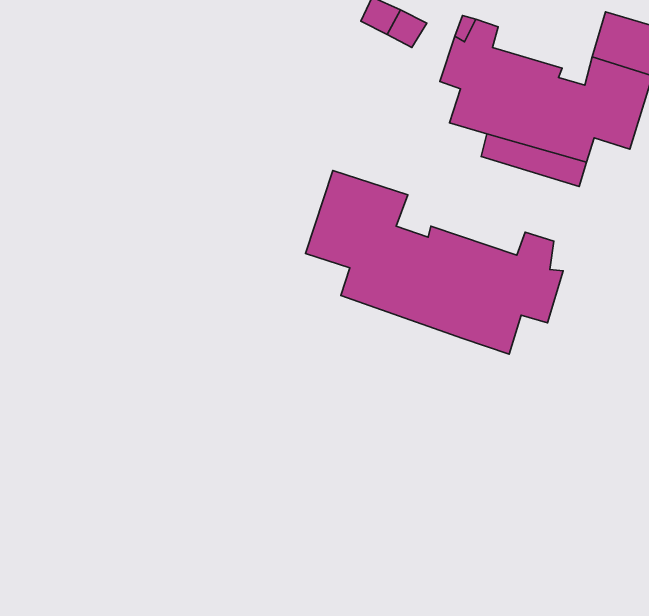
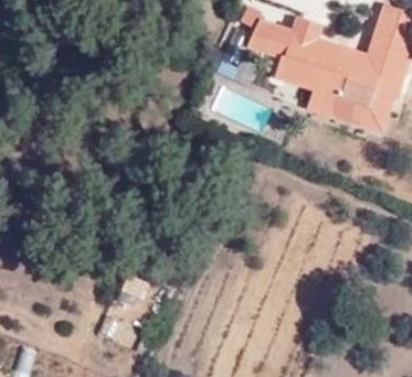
building: [305,171,563,354] -> none

